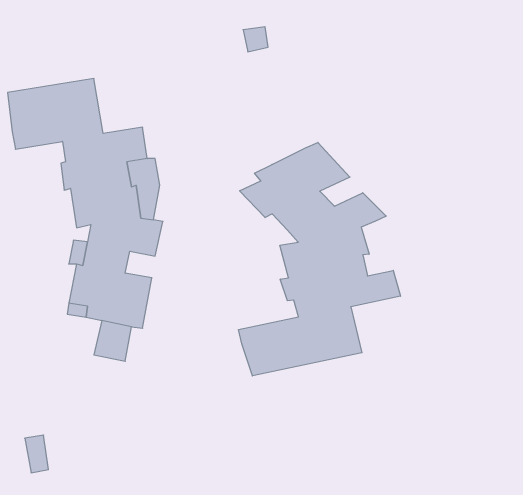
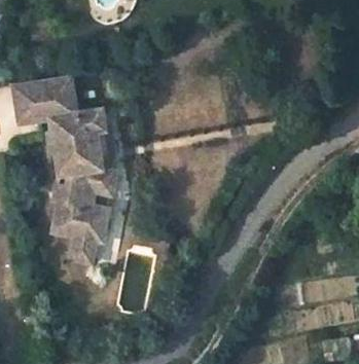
building: [239,142,400,376] -> none

